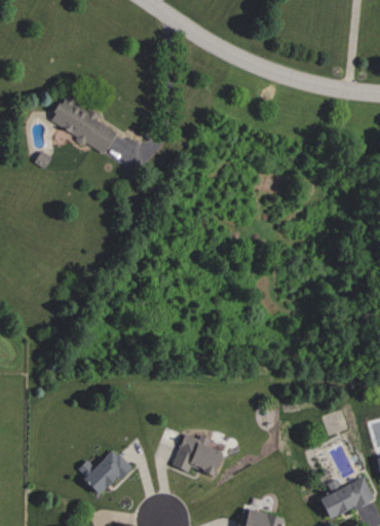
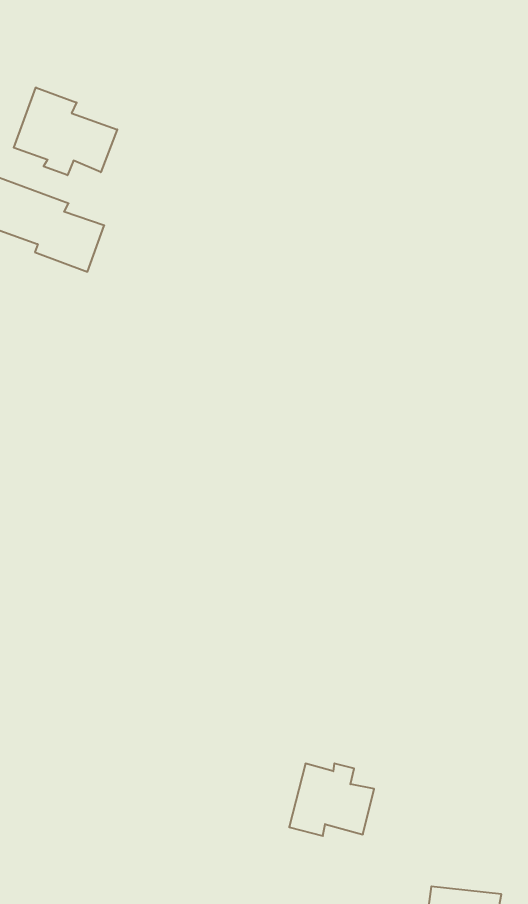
building: none -> [14,87,117,175]
building: [77,449,132,494] -> none

